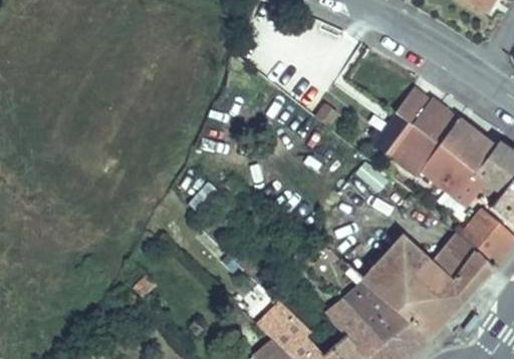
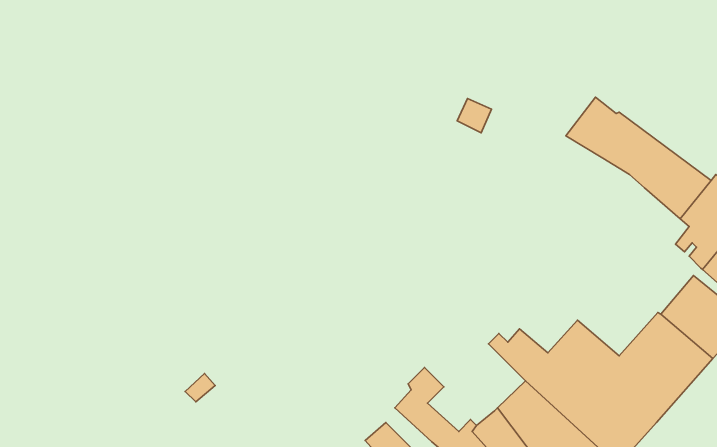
building: [391,132,474,208] -> none

